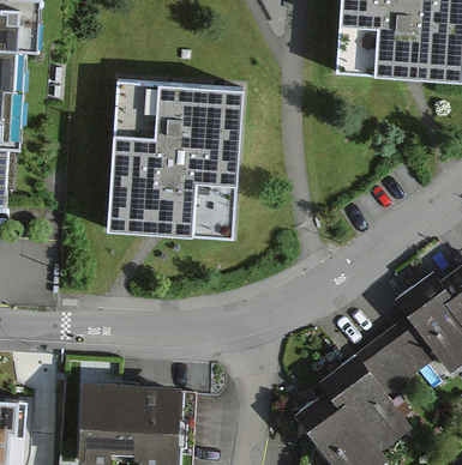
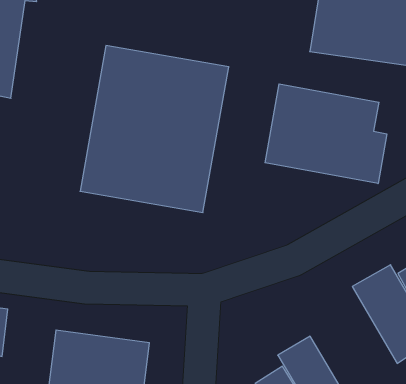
building: none -> [265,84,387,184]
building: [353,327,432,403] -> none

